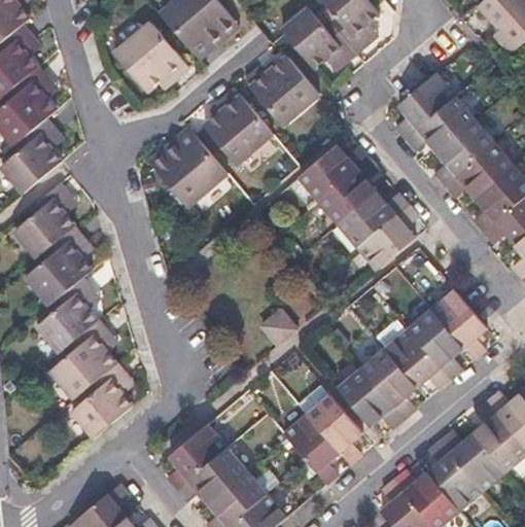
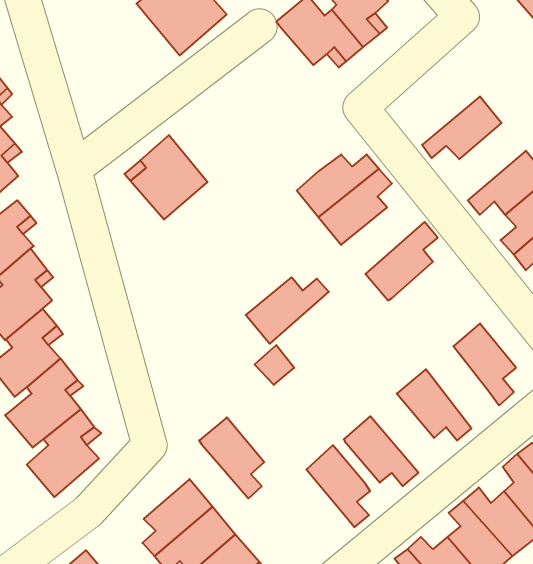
building: [115,26,187,95] -> none
building: [246,58,316,121] -> none
building: [394,72,455,137] -> none
building: [208,91,268,159] -> none
building: [433,118,494,184] -> none
building: [337,190,408,247] -> [246,277,329,344]
building: [409,309,462,379] -> none
building: [361,349,416,417] -> none
building: [283,414,339,483] -> [199,417,264,498]

